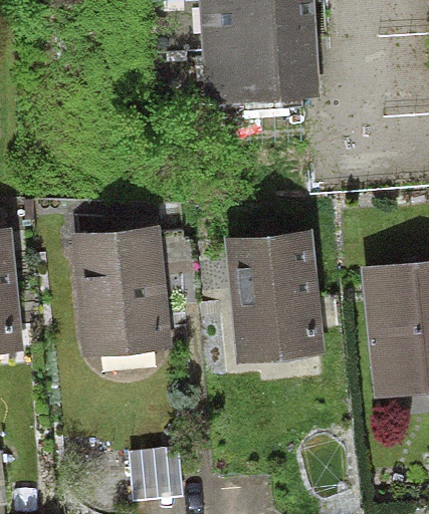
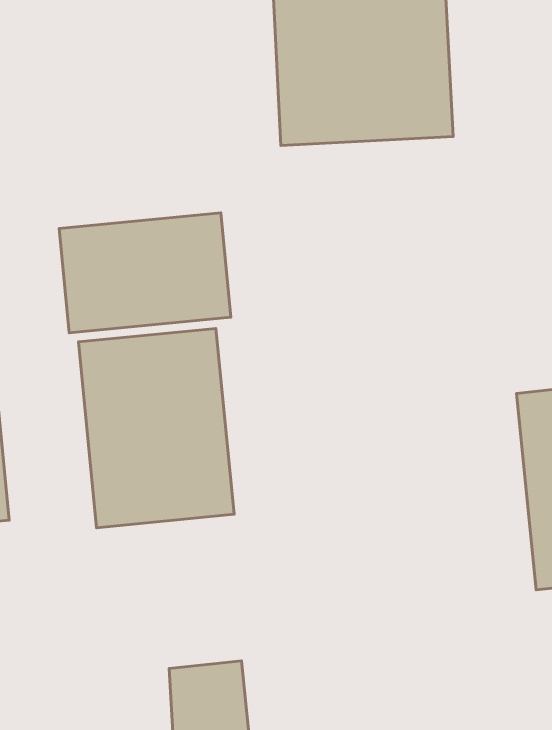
building: none -> [59,213,231,333]
building: [225,230,325,363] -> none

